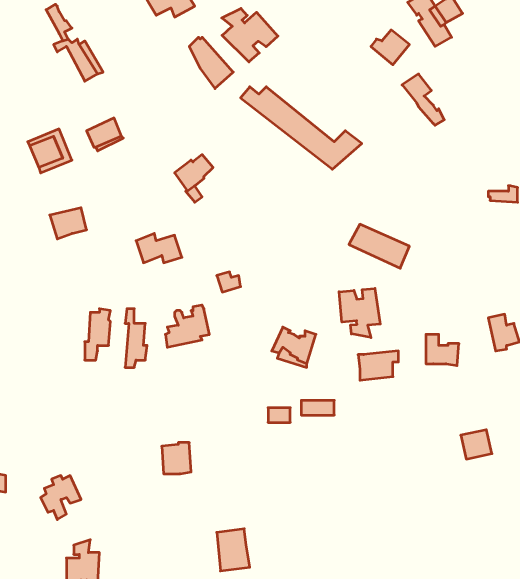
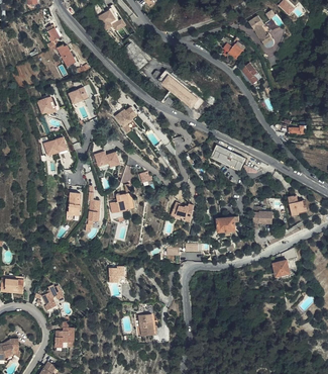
building: [222,8,278,62] -> none
building: [339,288,380,338] -> none

